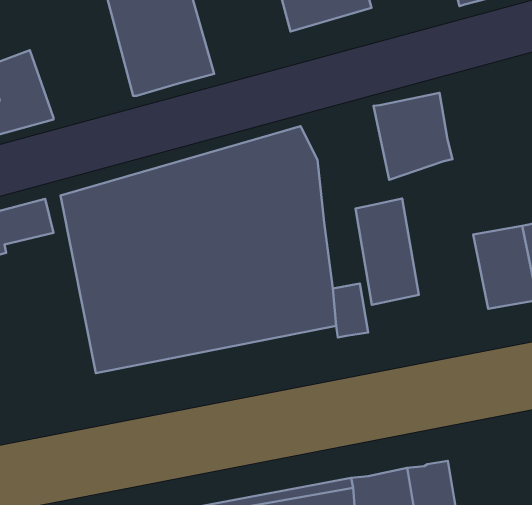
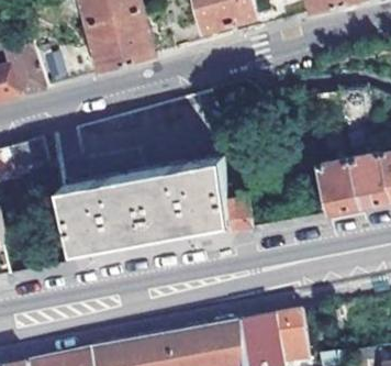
building: [374,93,453,180] -> none
building: [355,198,419,305] -> none

